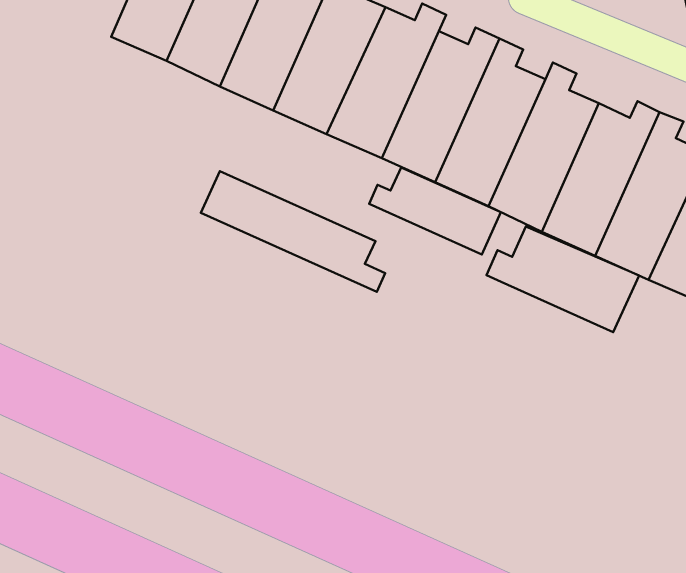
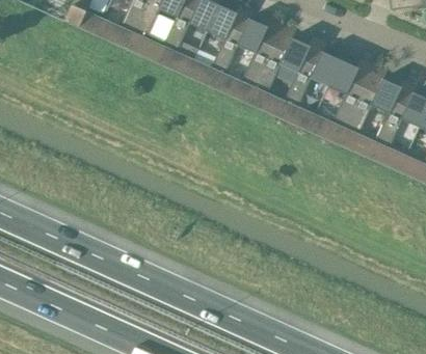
building: [369,167,501,254] -> none
building: [201,171,385,292] -> none
building: [486,227,639,332] -> none

